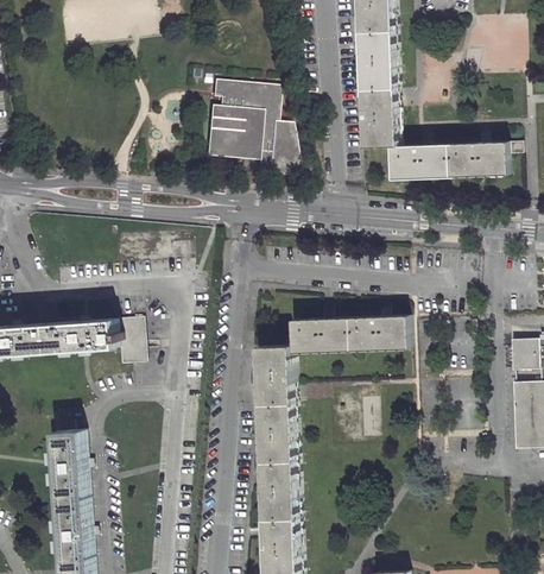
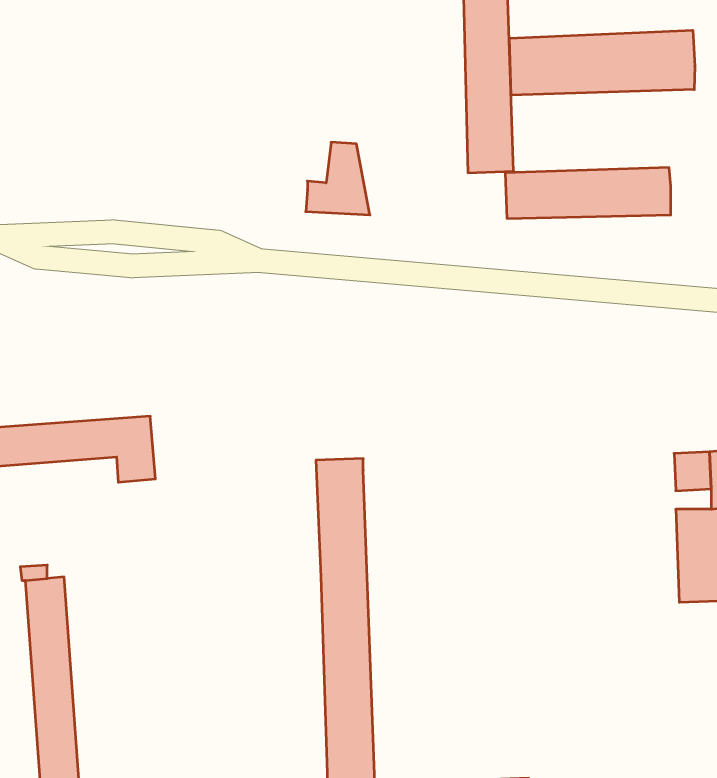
building: none -> [510,30,695,95]
building: [204,86,270,156] -> none
building: [289,317,407,354] -> none

